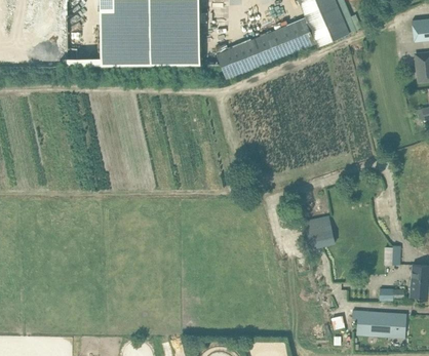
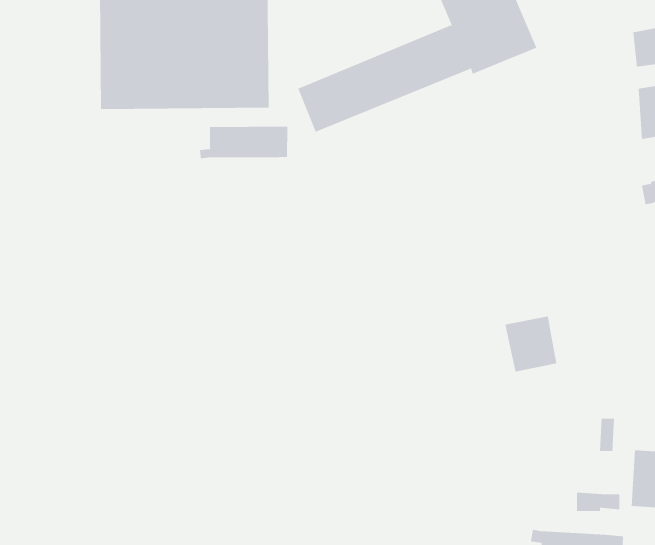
building: none -> [200,126,288,159]
building: [303,215,334,248] -> [504,316,557,372]

